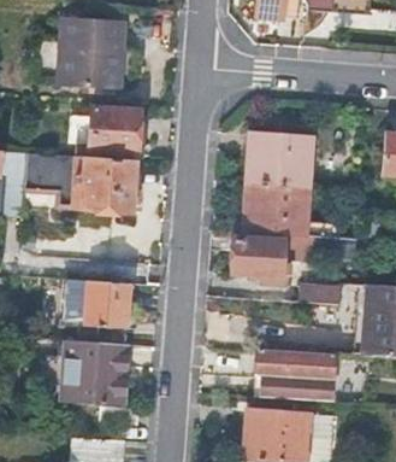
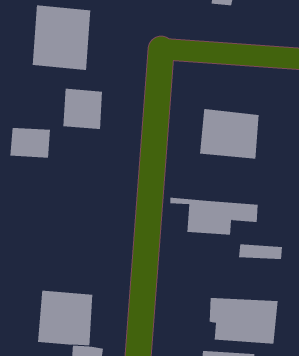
building: [75,157,134,210] -> none
building: [242,185,311,239] -> none
building: [67,279,129,329] -> none

